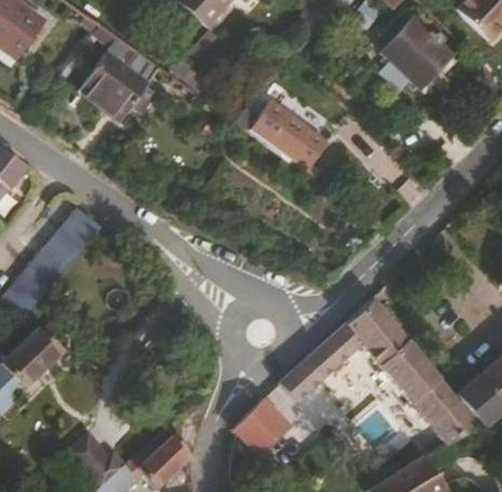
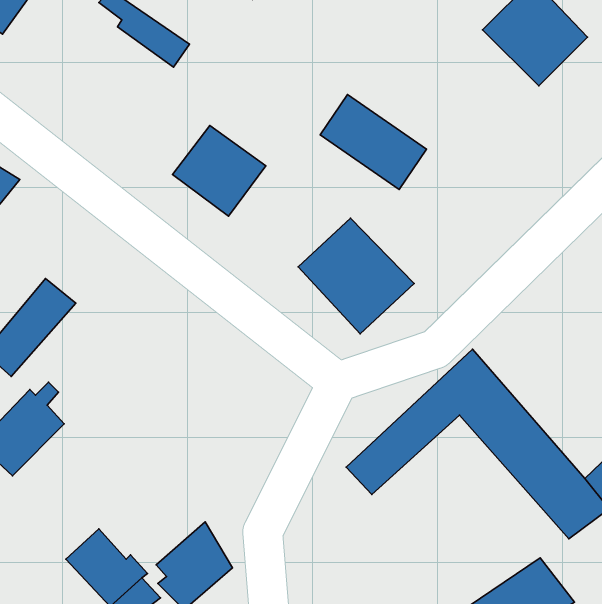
building: [76,53,146,121] -> [172,126,266,216]
building: none -> [298,218,414,334]
building: [50,209,103,261] -> none
building: [231,398,287,455] -> none

